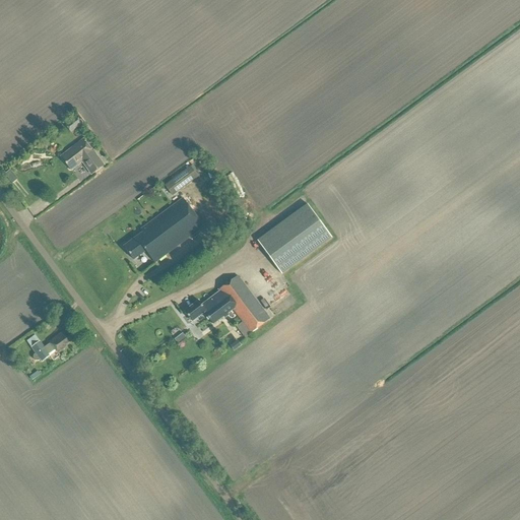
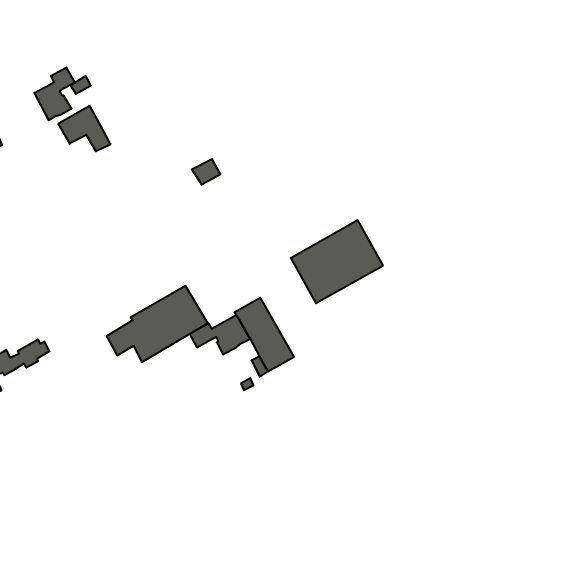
building: none -> [34,67,75,120]
building: [123,198,202,263] -> [107,286,208,362]

